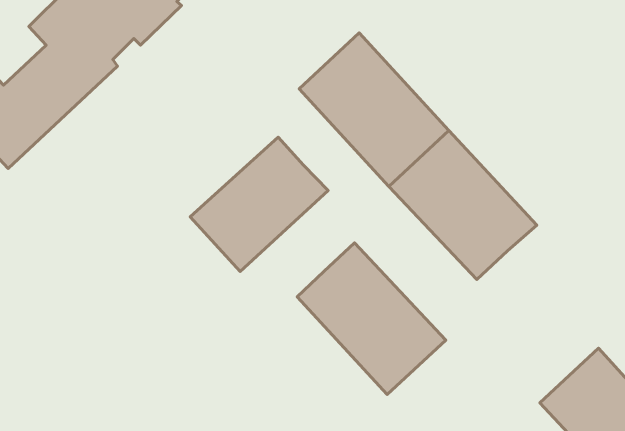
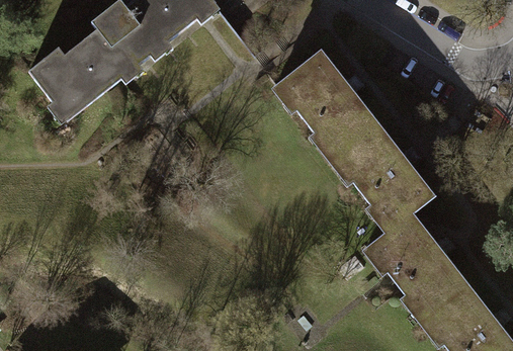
building: [190,137,328,271] -> none
building: [297,243,446,394] -> [367,211,468,320]

